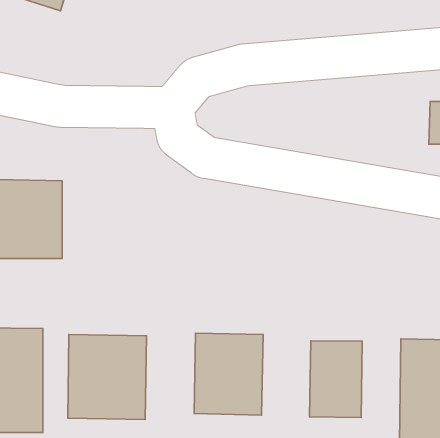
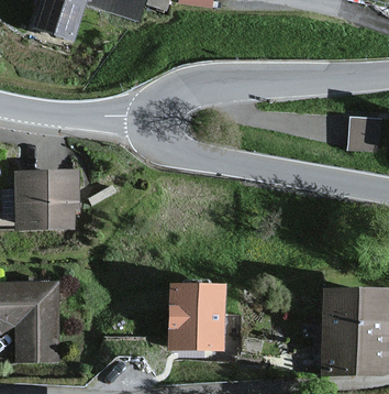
building: [68,334,146,419] -> none
building: [310,341,362,417] -> none

